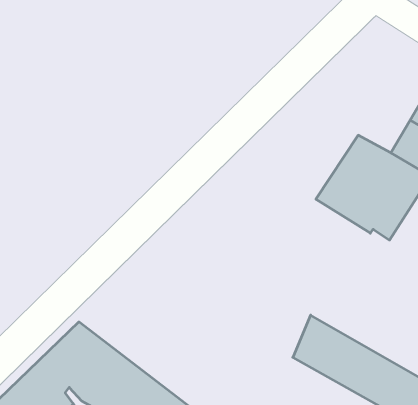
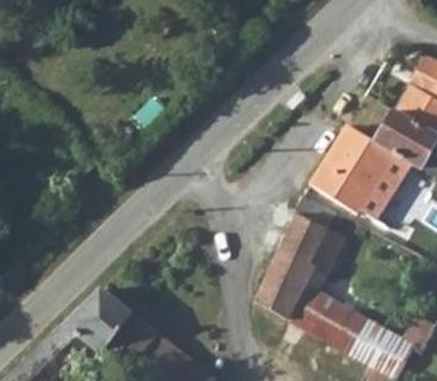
building: none -> [254,198,341,320]

